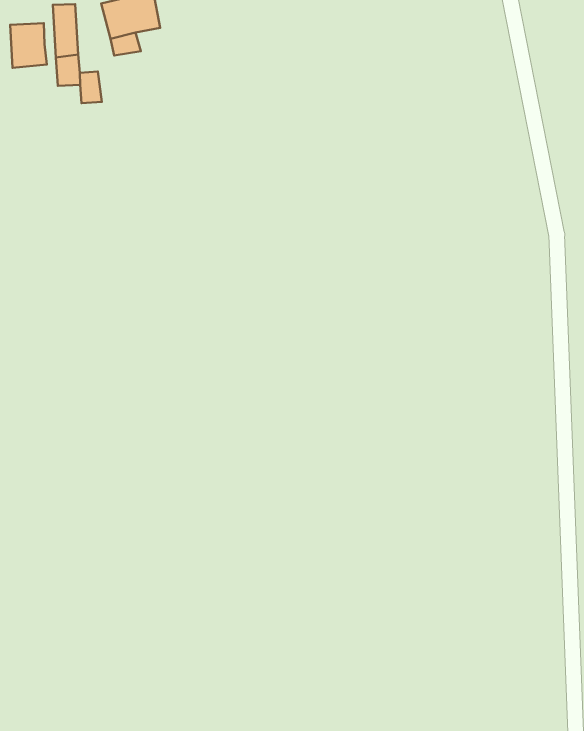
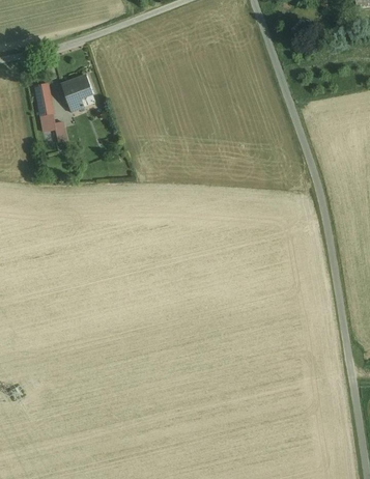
building: [10,23,47,68] -> none

